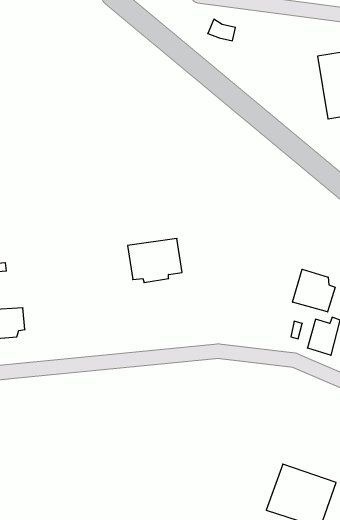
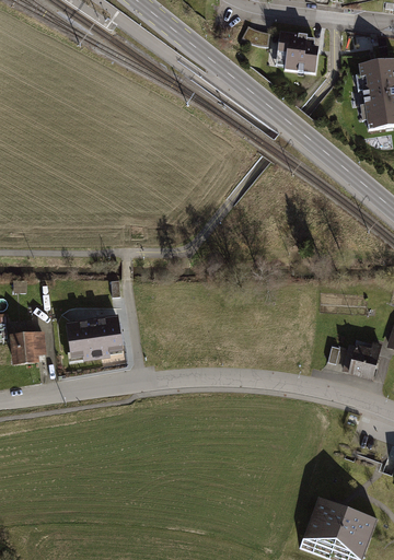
building: none -> [274,30,318,72]
building: [128,238,182,283] -> [67,314,125,361]
building: [293,269,335,312] -> none

